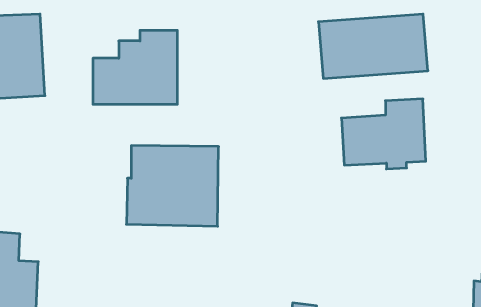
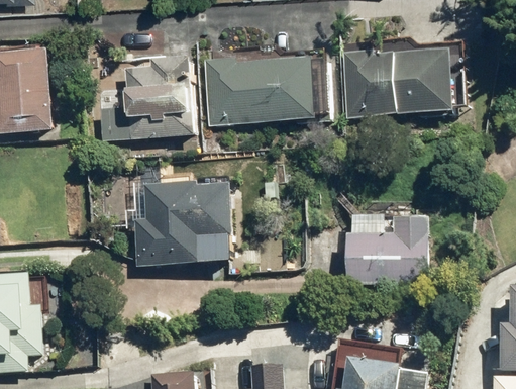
building: none -> [204,50,317,122]
building: [341,99,426,169] -> [345,218,434,292]

